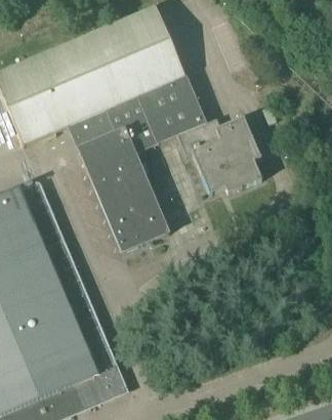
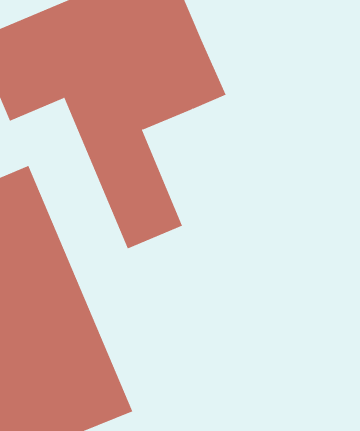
building: [177,115,262,193] -> none

